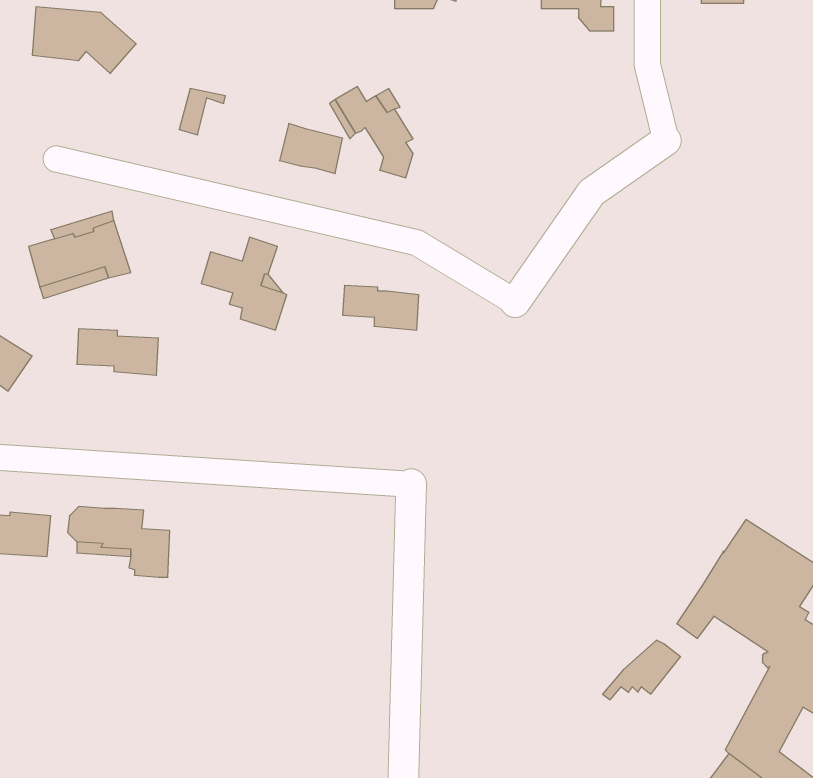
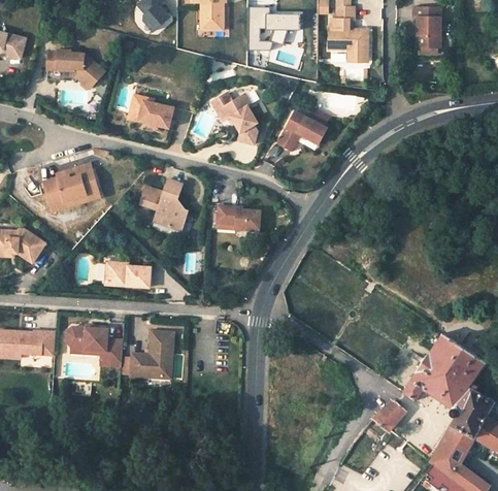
building: none -> [278,113,328,153]
building: [279,123,343,174] -> [137,100,172,128]
building: [77,329,158,375] -> [105,261,151,287]
building: none -> [130,331,173,388]

